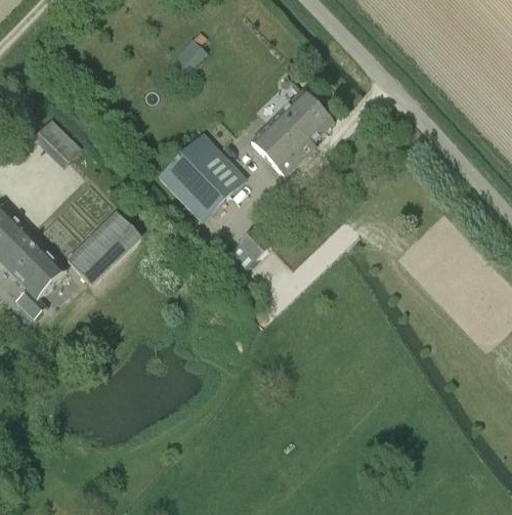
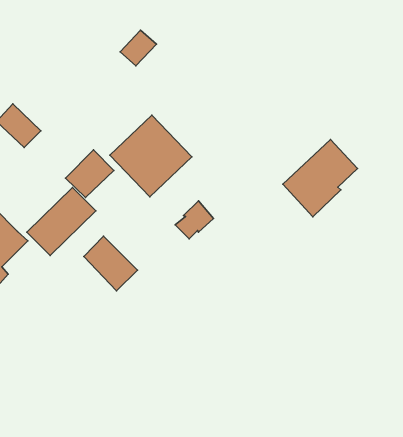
building: [251,91,333,176] -> [283,140,357,217]
building: none -> [65,150,114,198]
building: none -> [84,236,138,291]

